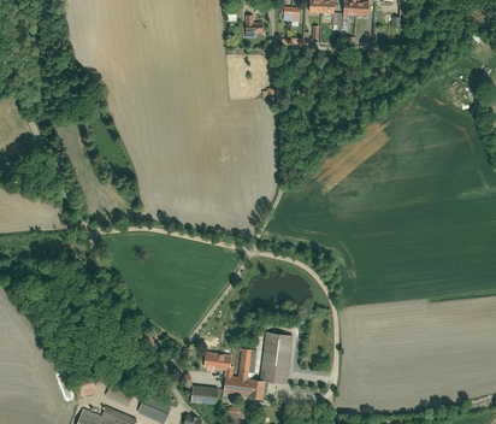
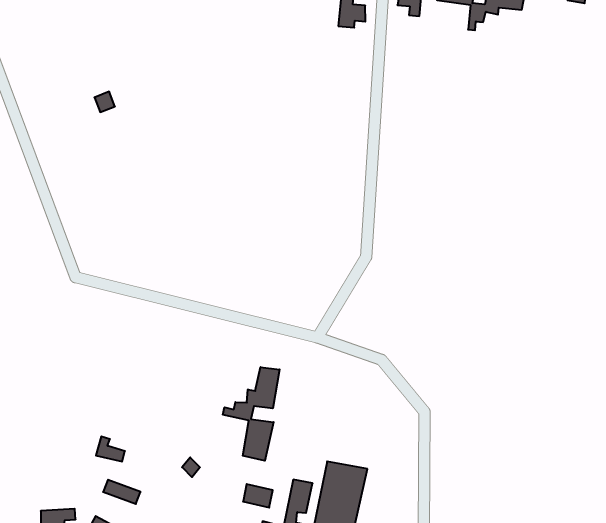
building: none -> [223,367,280,461]

